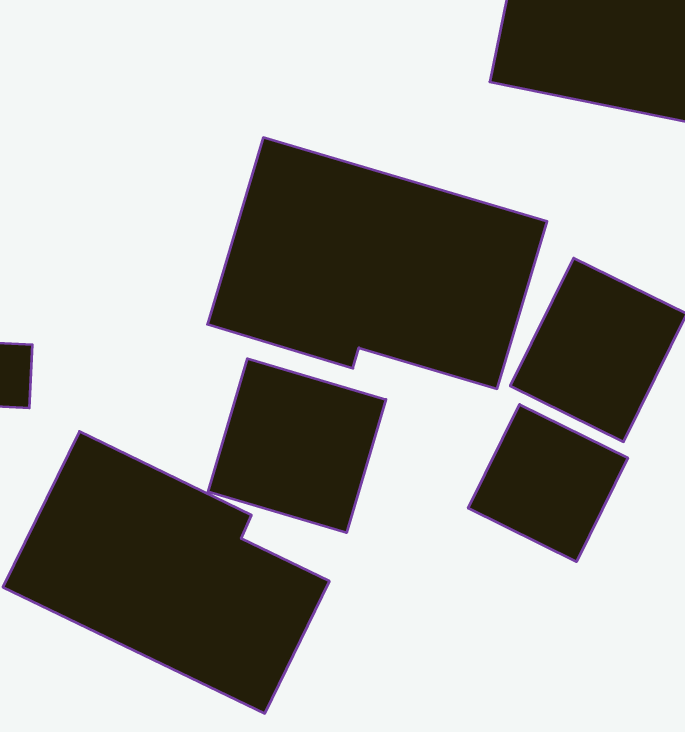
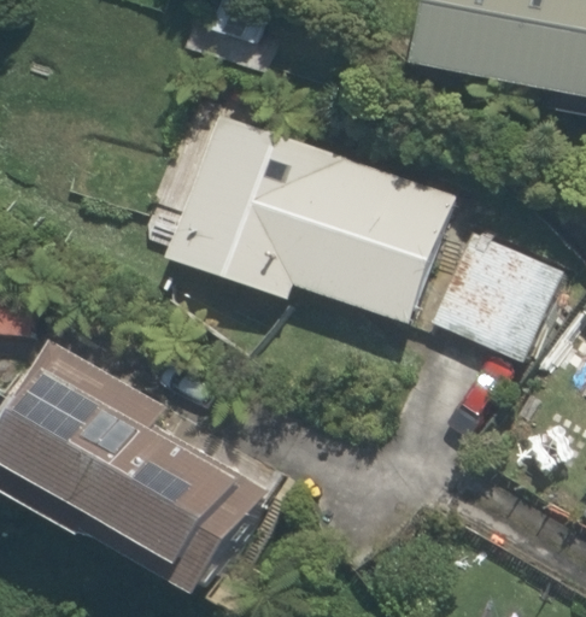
building: [208,359,386,533] -> none
building: [468,404,628,562] -> none

